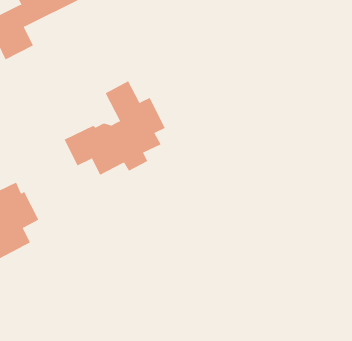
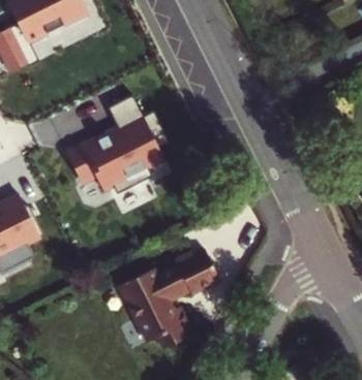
building: none -> [119,253,219,350]

